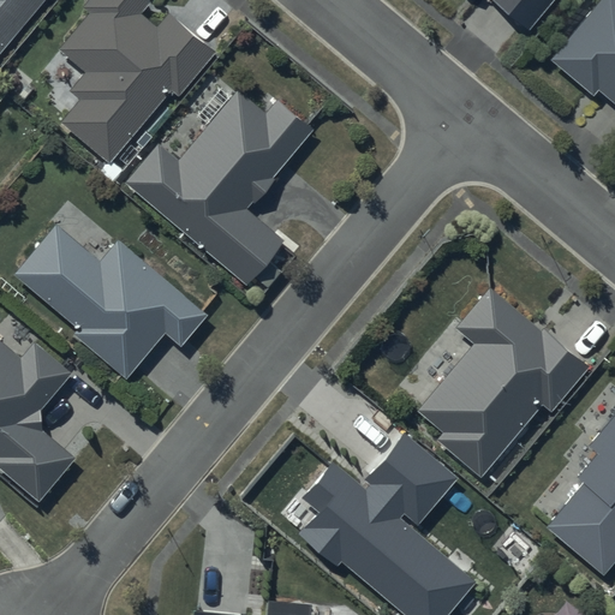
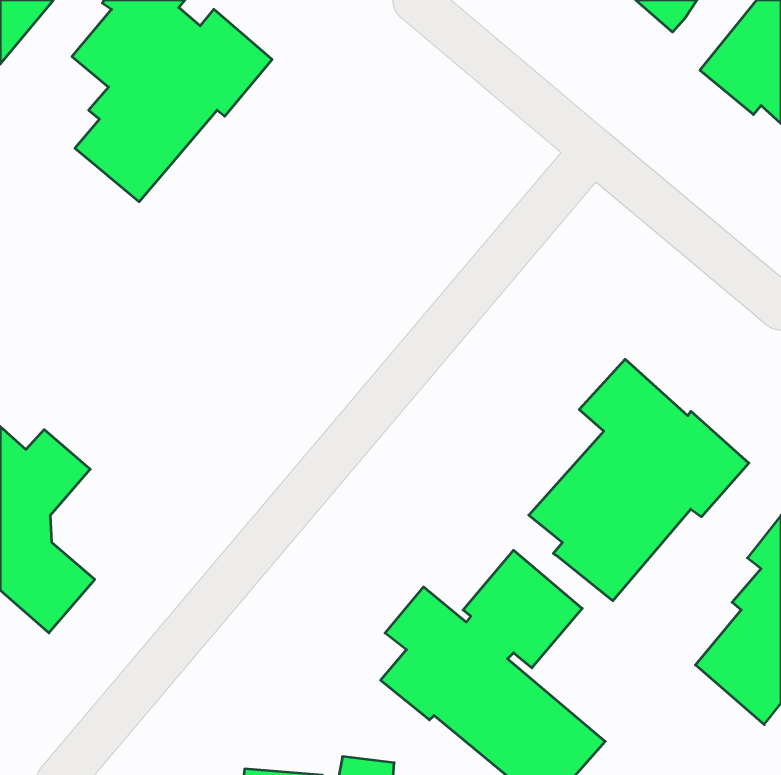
building: [126,90,314,285] -> none
building: [12,223,207,378] -> none

